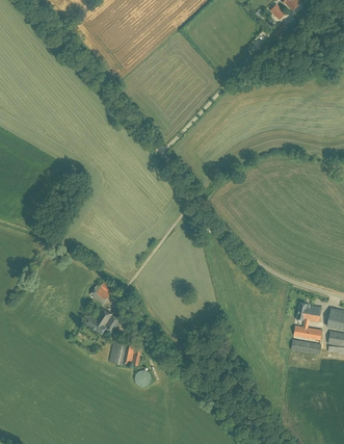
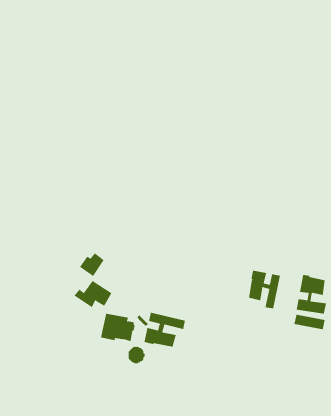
building: none -> [248,270,281,309]
building: none -> [144,312,186,348]

